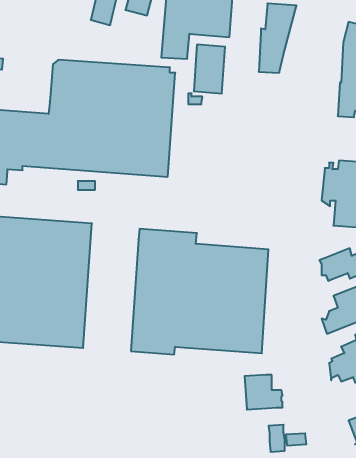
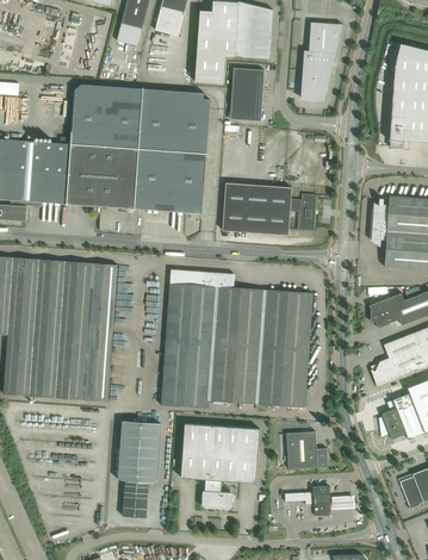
building: none -> [222,182,317,235]
building: none -> [118,421,160,517]
building: none -> [181,423,260,508]

